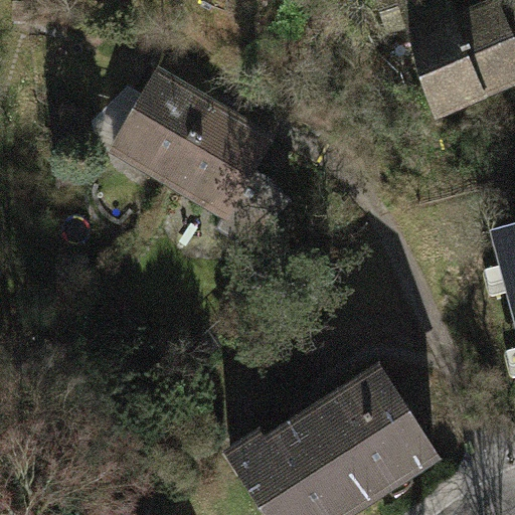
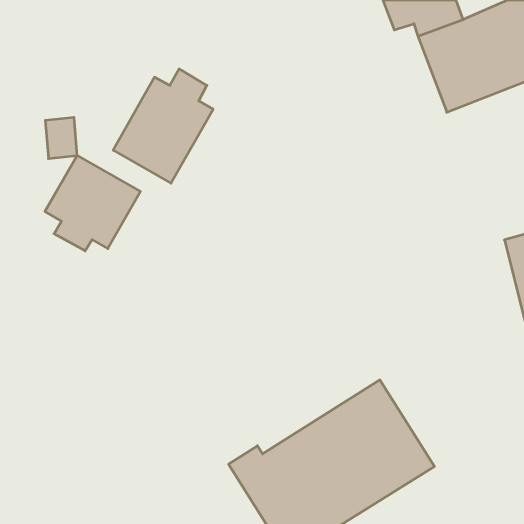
building: [169,109,269,214] -> none
building: none -> [45,155,140,251]

